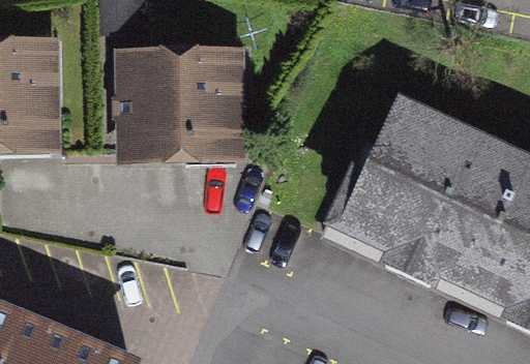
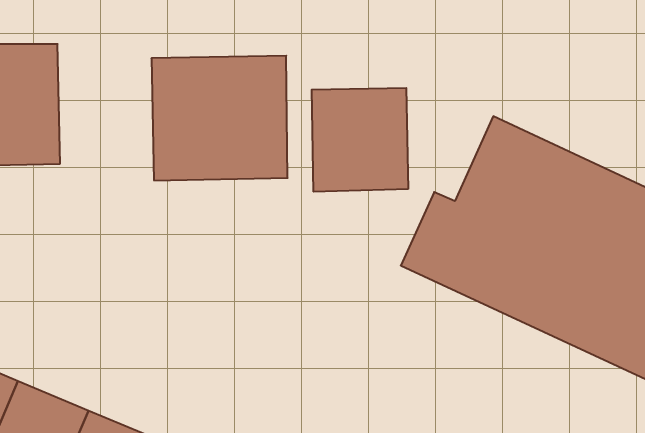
building: none -> [312,88,408,192]

